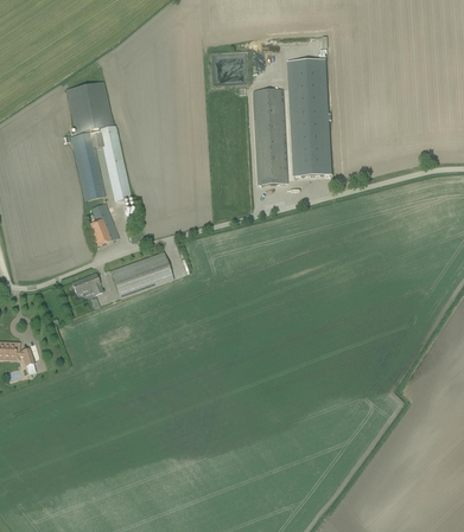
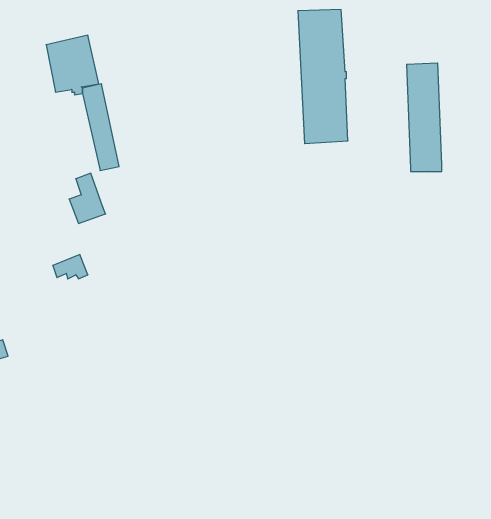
building: [255,88,286,182] -> [407,63,442,171]
building: [72,130,106,199] -> none
building: [109,251,173,297] -> none

